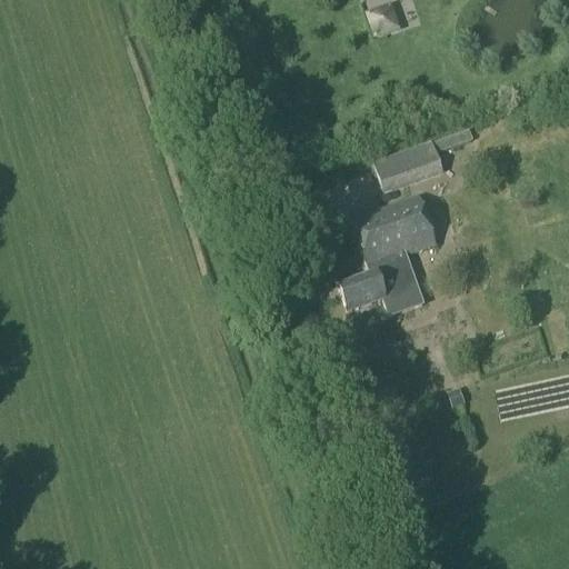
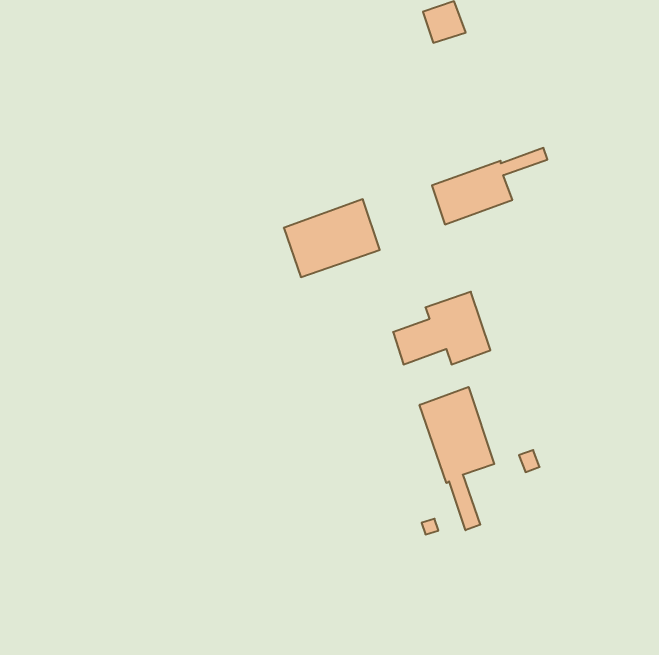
building: [353,197,436,263] -> [284,199,380,277]
building: none -> [420,387,494,530]

